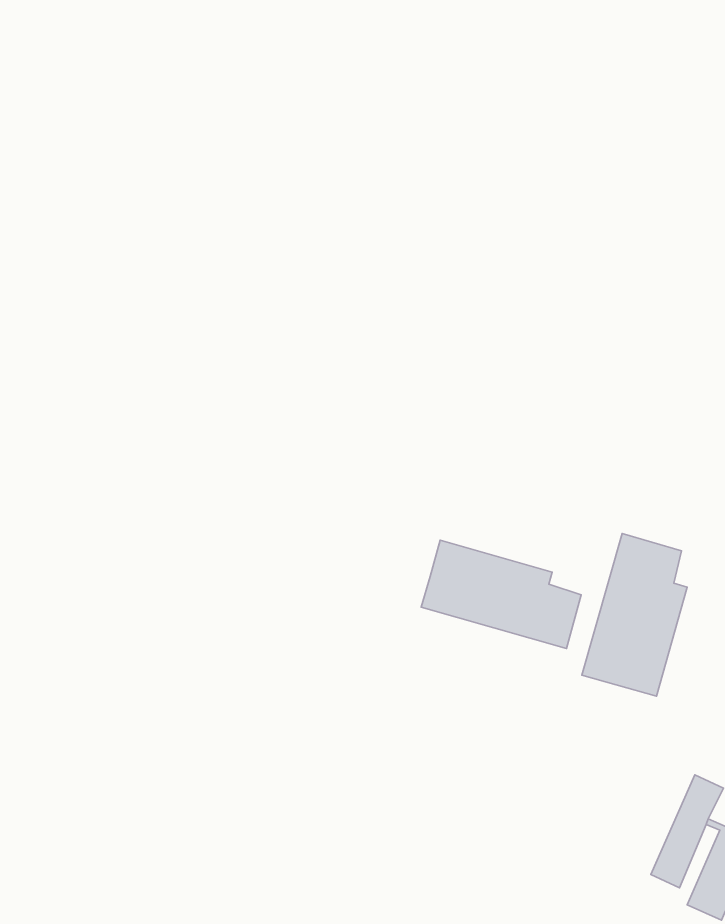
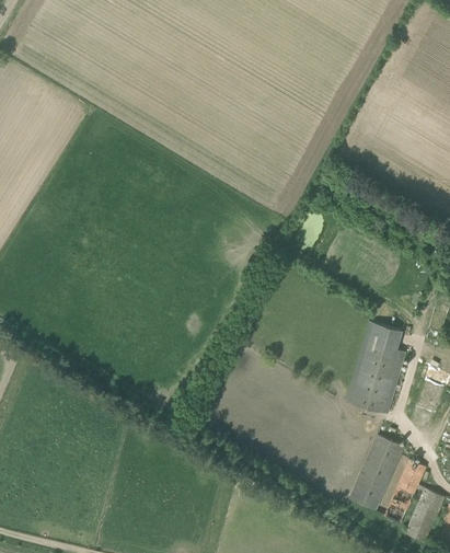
building: [421,540,581,649] -> none
building: none -> [349,435,404,510]

